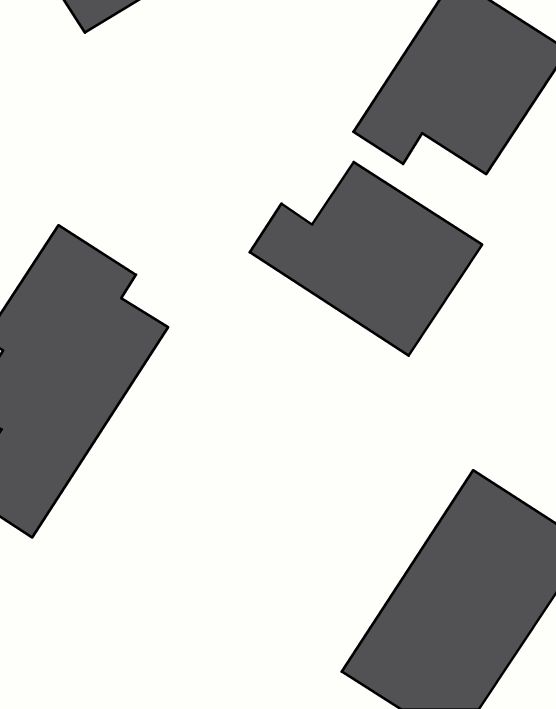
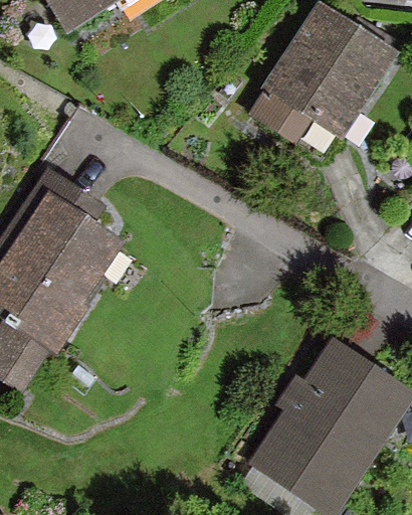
building: [250,162,482,356] -> none

